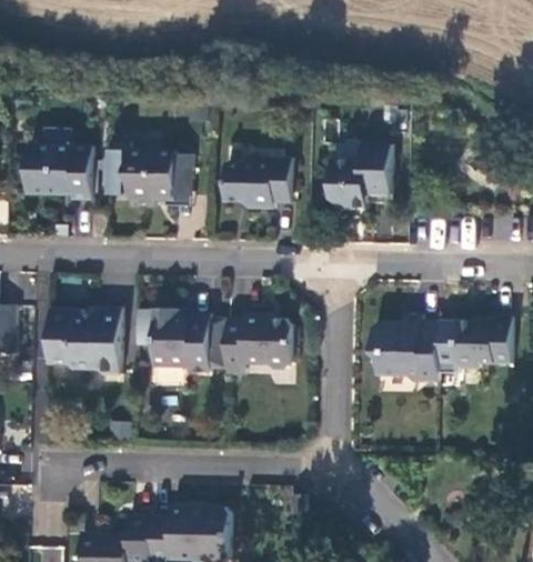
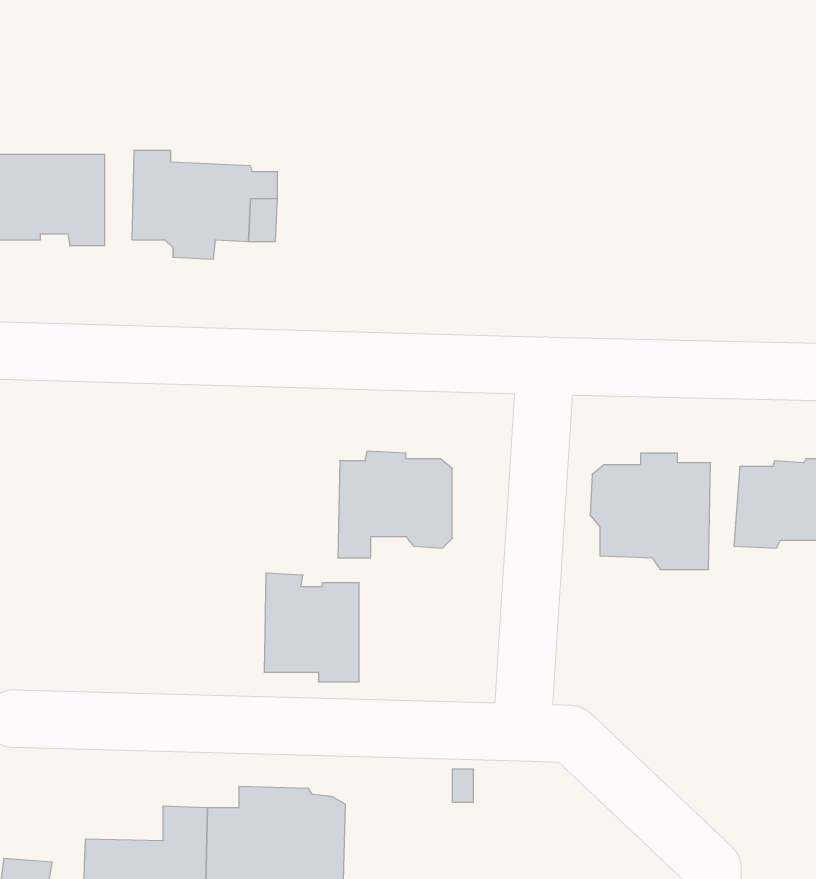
building: [332,144,393,208] -> none
building: [223,158,291,209] -> none
building: [49,308,120,374] -> none
building: [154,309,209,371] -> [264,573,359,682]

